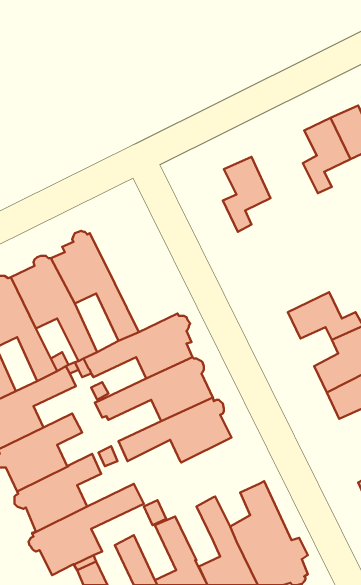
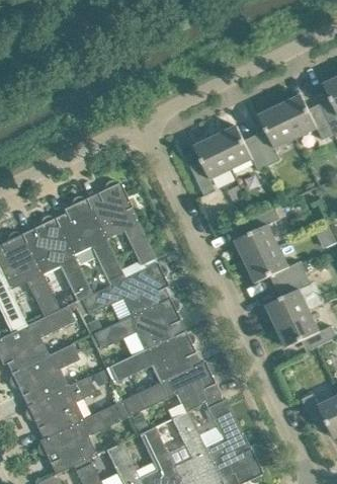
building: none -> [217,126,270,170]
building: none -> [86,180,156,264]
building: none -> [236,208,281,261]
building: none -> [121,360,223,416]

